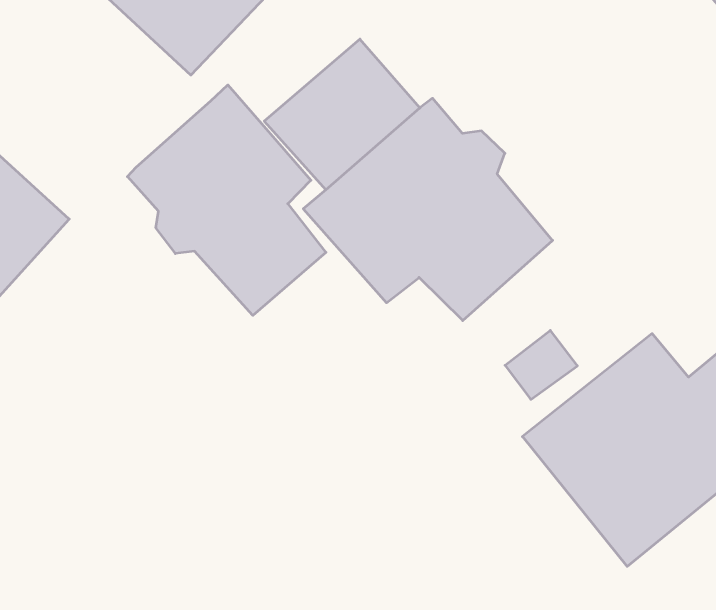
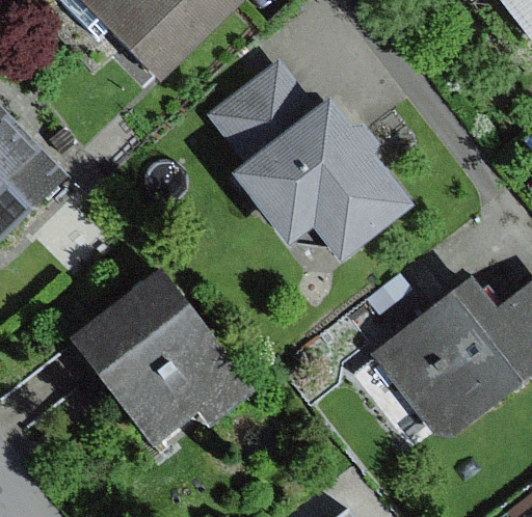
building: [127,85,326,315] -> none
building: none -> [66,268,255,446]

